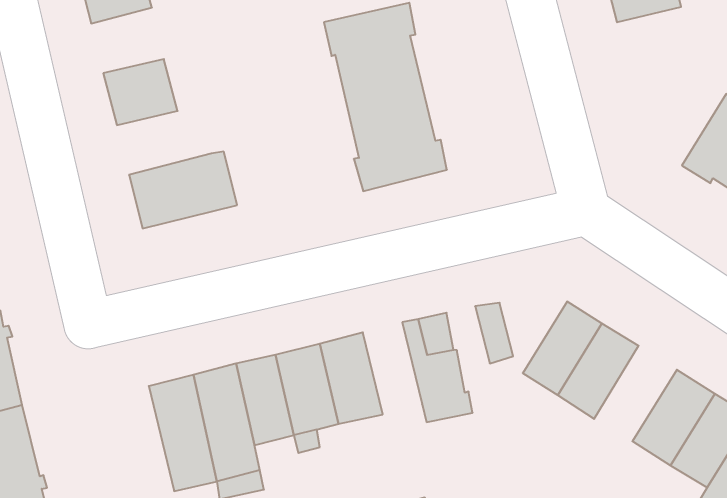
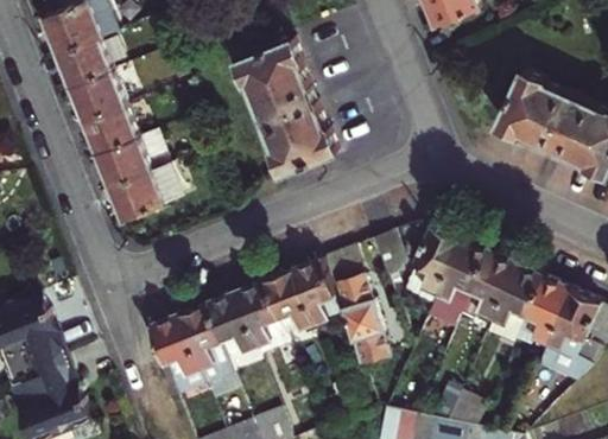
building: none -> [74,64,127,114]
building: none -> [101,126,169,182]
building: none -> [290,257,337,323]
building: none -> [457,252,509,318]
building: none -> [342,313,384,362]

